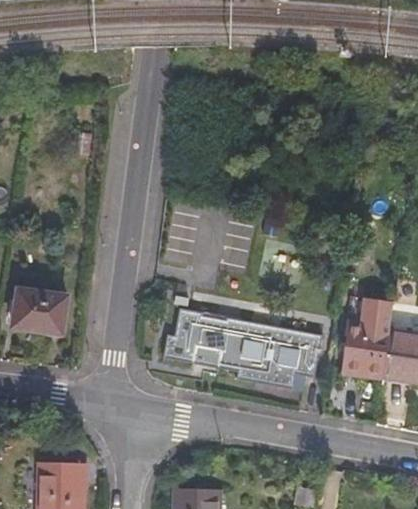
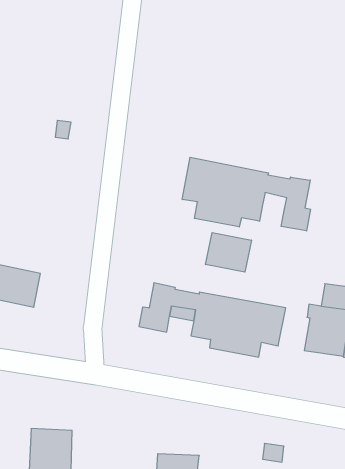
building: none -> [182,157,311,231]
building: none -> [206,233,251,272]

